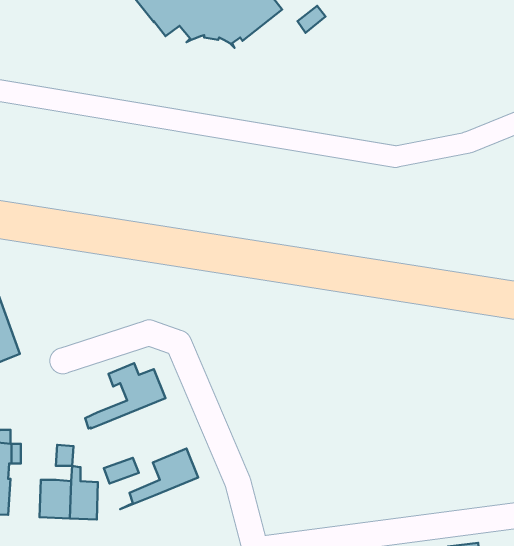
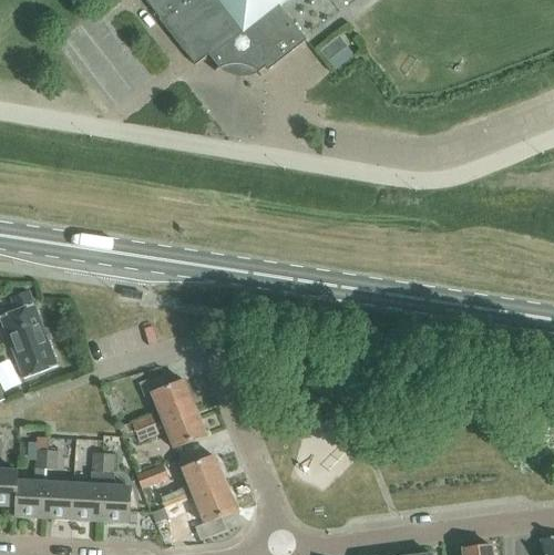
building: none -> [135,407,206,446]
building: none -> [152,482,237,538]
building: none -> [45,483,76,520]

